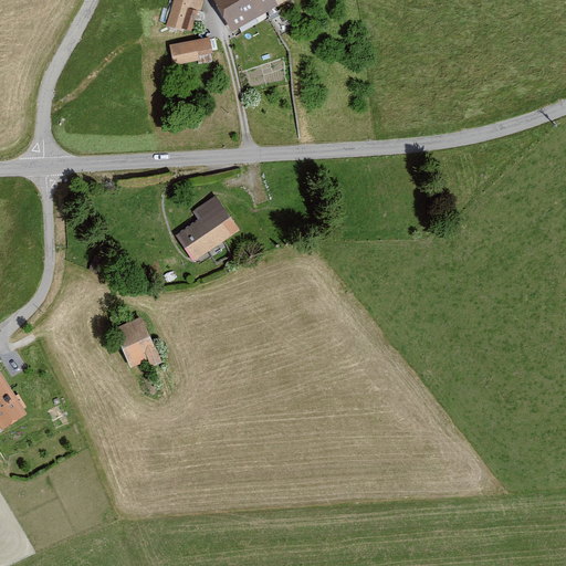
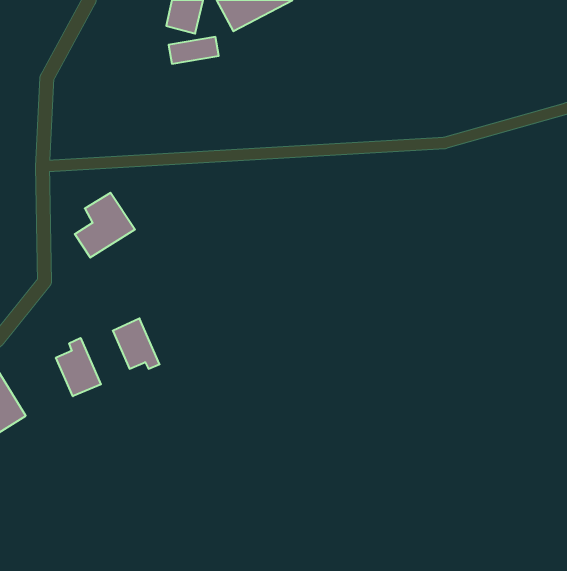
building: [179,193,239,258] -> [75,193,135,258]
building: none -> [56,338,101,396]

